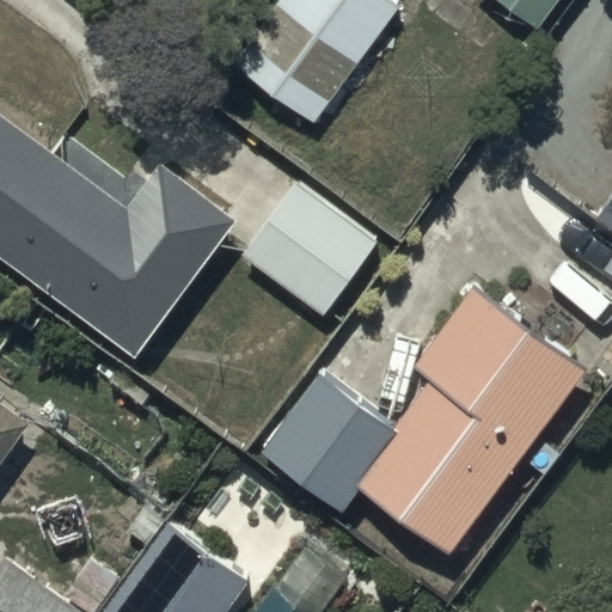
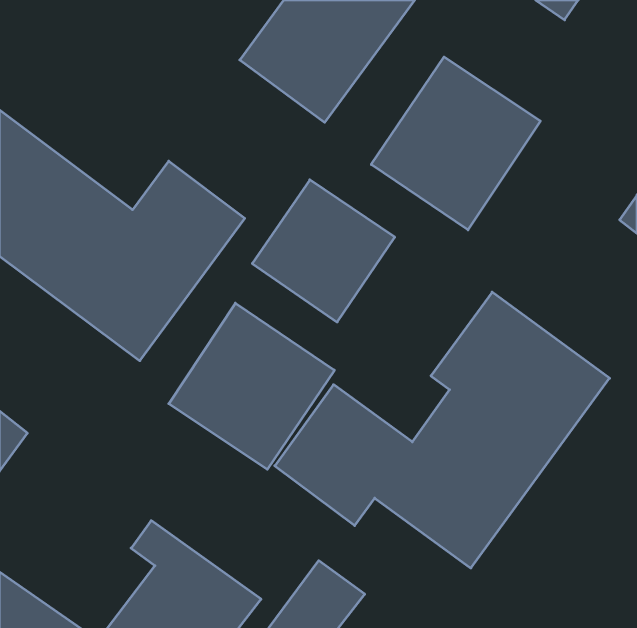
building: none -> [371,57,540,230]
building: none -> [169,303,334,469]

